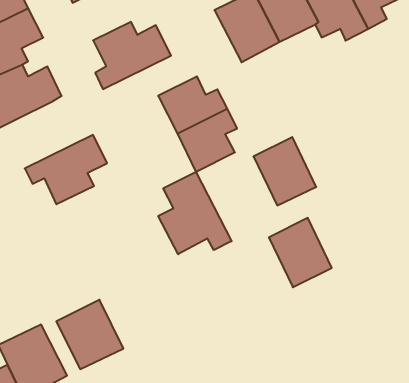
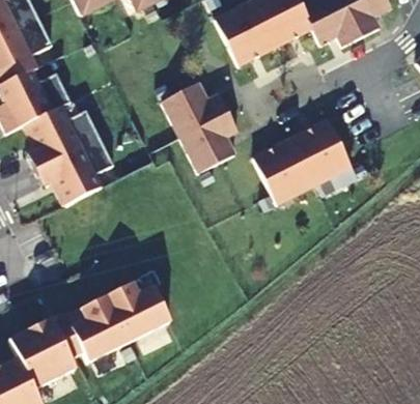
building: [93,22,171,89] -> [24,105,99,169]
building: [158,172,232,254] -> none
building: [269,218,332,287] -> [289,120,349,186]
building: none -> [105,282,168,341]

